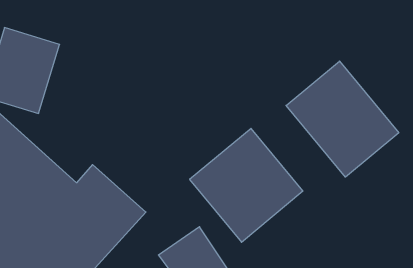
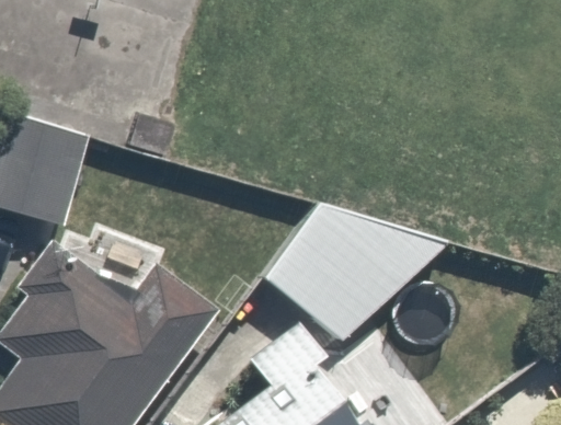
building: [286,61,399,177] -> none

